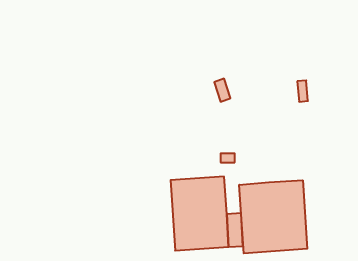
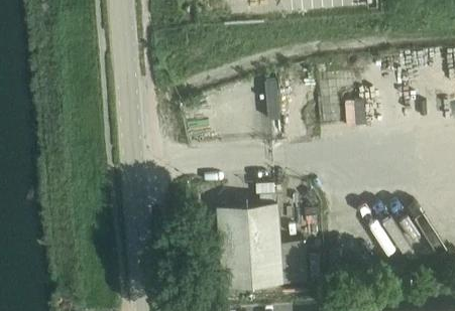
building: [239,180,307,253] -> none

